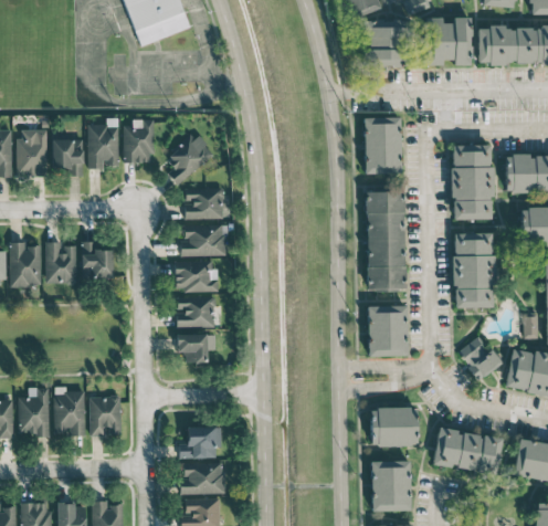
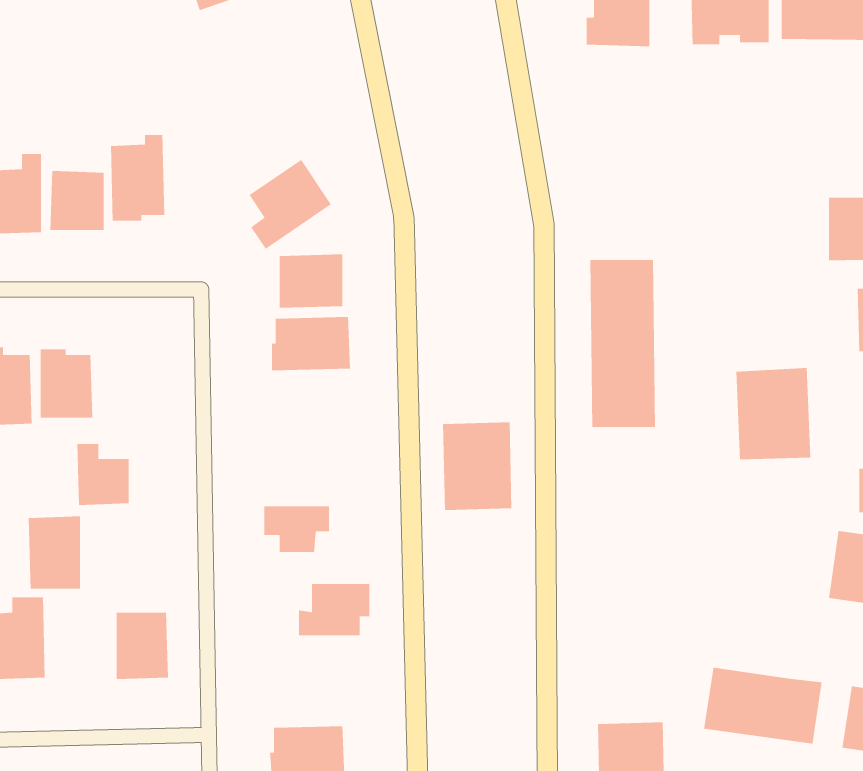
building: [363,117,402,175] -> none
building: [124,119,154,162] -> none
building: [452,145,493,220] -> none
building: [454,233,493,254] -> none
building: [82,242,113,278] -> [76,443,129,506]
building: [176,261,218,292] -> none
building: [178,296,215,327] -> none
building: [367,305,408,357] -> [442,422,512,511]
building: [459,336,502,380] -> none
building: [54,391,85,434] -> [28,515,81,589]
building: [370,408,418,446] -> none
building: [180,428,222,459] -> [298,583,370,636]

